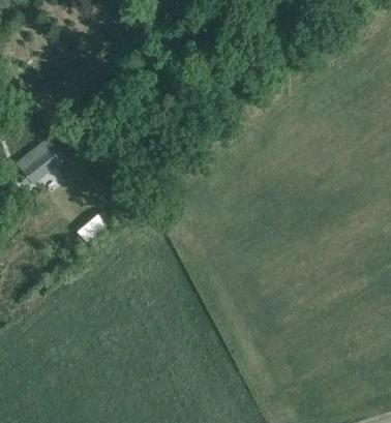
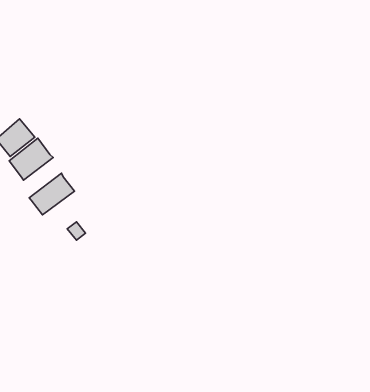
building: none -> [29,173,74,215]

